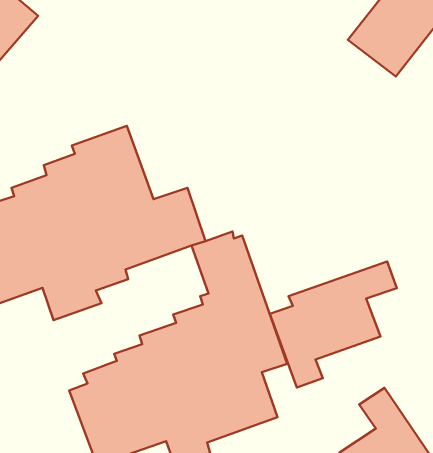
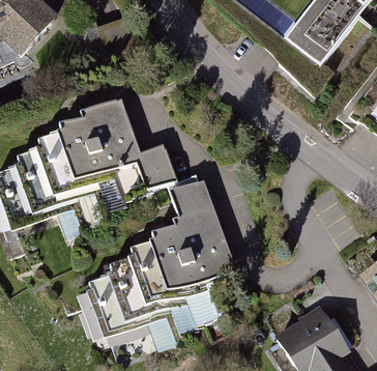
building: [270,261,397,388] -> none

